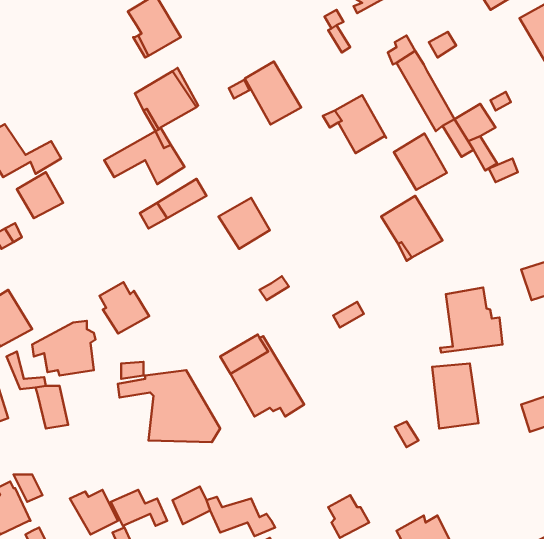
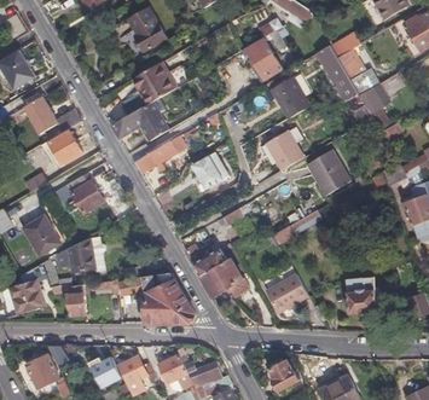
building: [245,61,301,125] -> [242,35,282,80]
building: [394,133,447,190] -> [263,129,301,169]
building: [99,282,149,333] -> [65,175,100,211]
building: [440,287,503,352] -> none
building: none -> [263,273,307,313]

